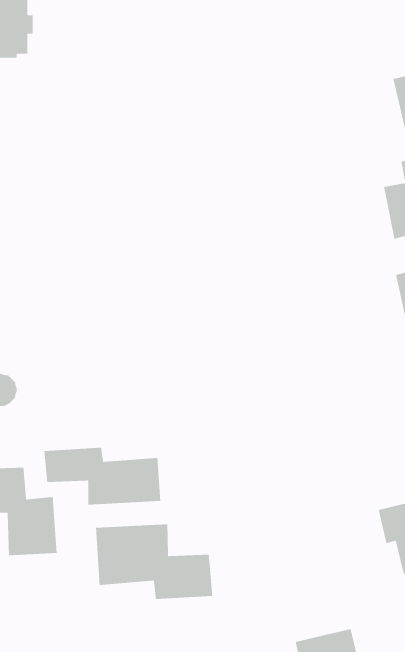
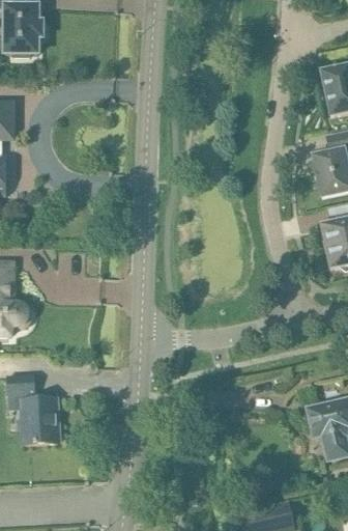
building: [44,447,161,505] -> none
building: [95,524,213,600] -> none

